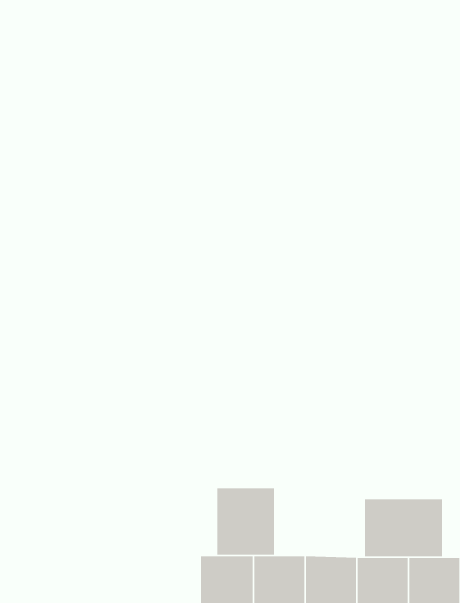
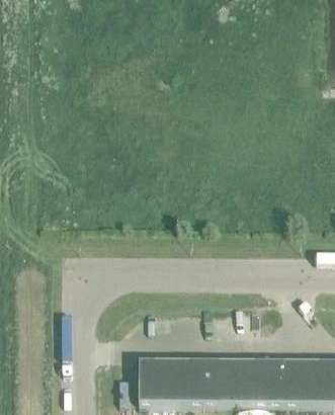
building: [217,488,275,555] -> none
building: [364,498,443,557] -> none

